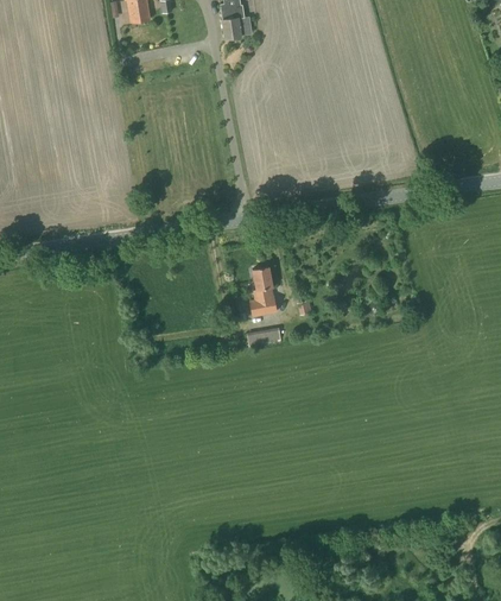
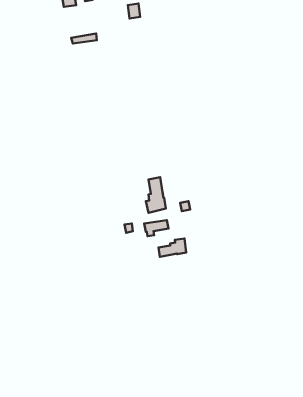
building: none -> [159,239,186,257]

